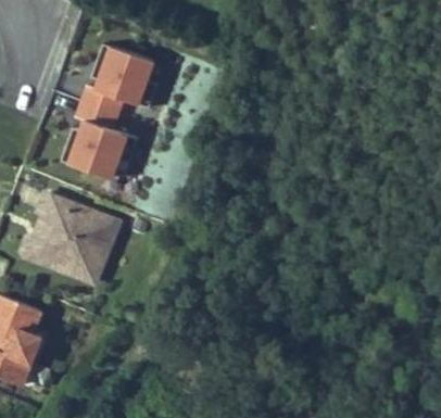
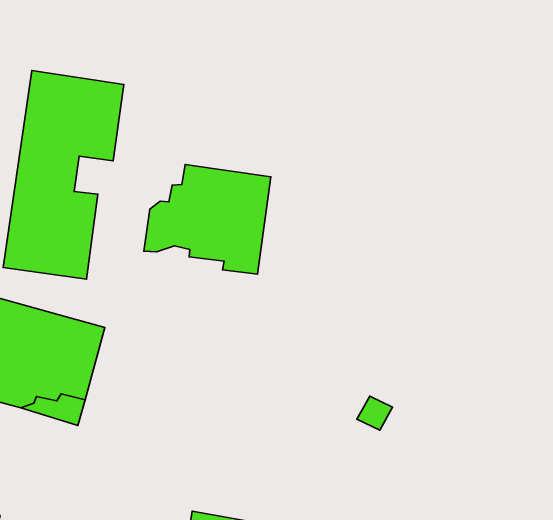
building: none -> [144,164,271,274]

